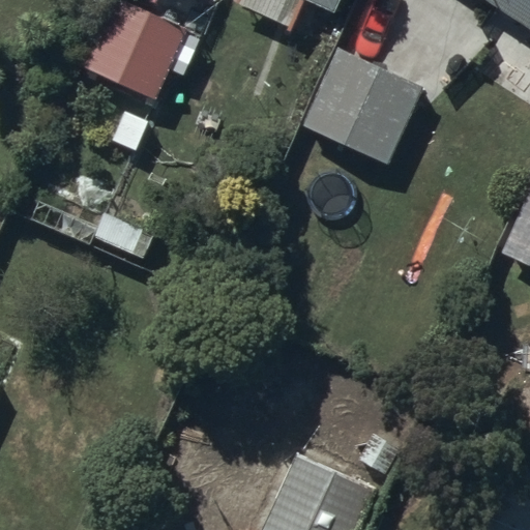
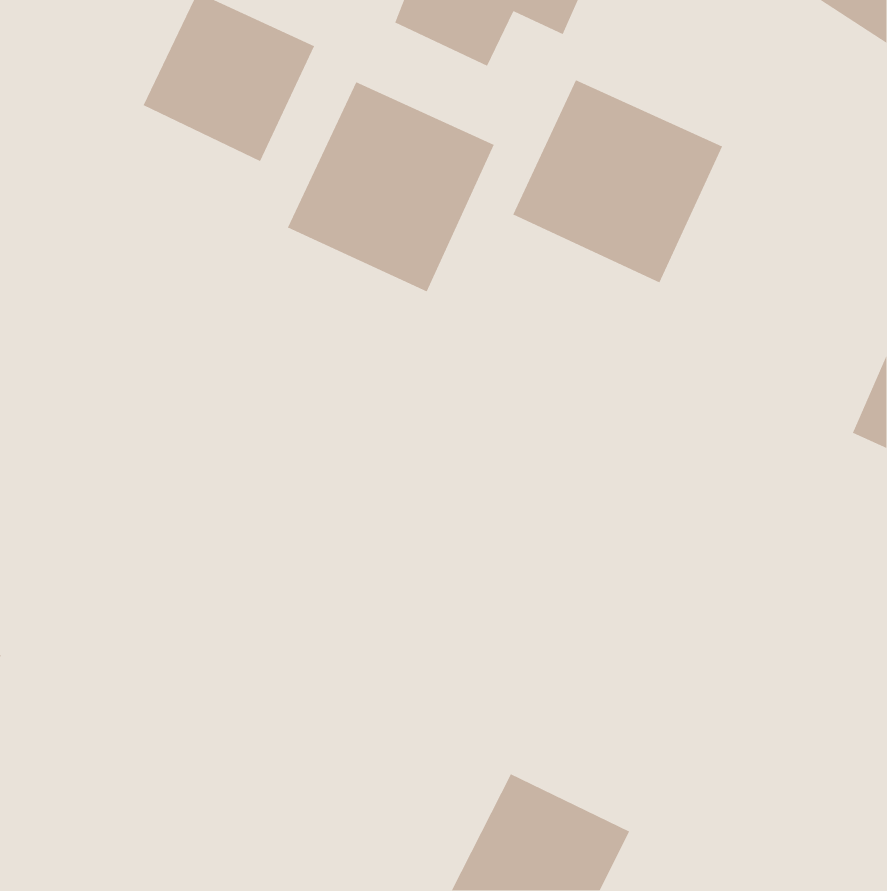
building: none -> [287,81,495,293]

